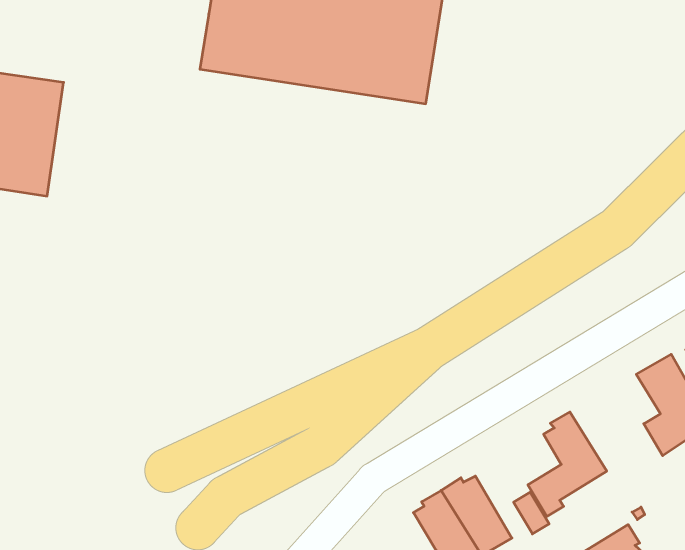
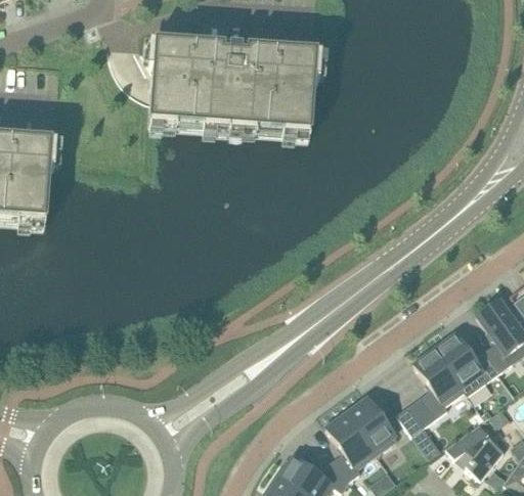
building: none -> [434,333,501,394]

